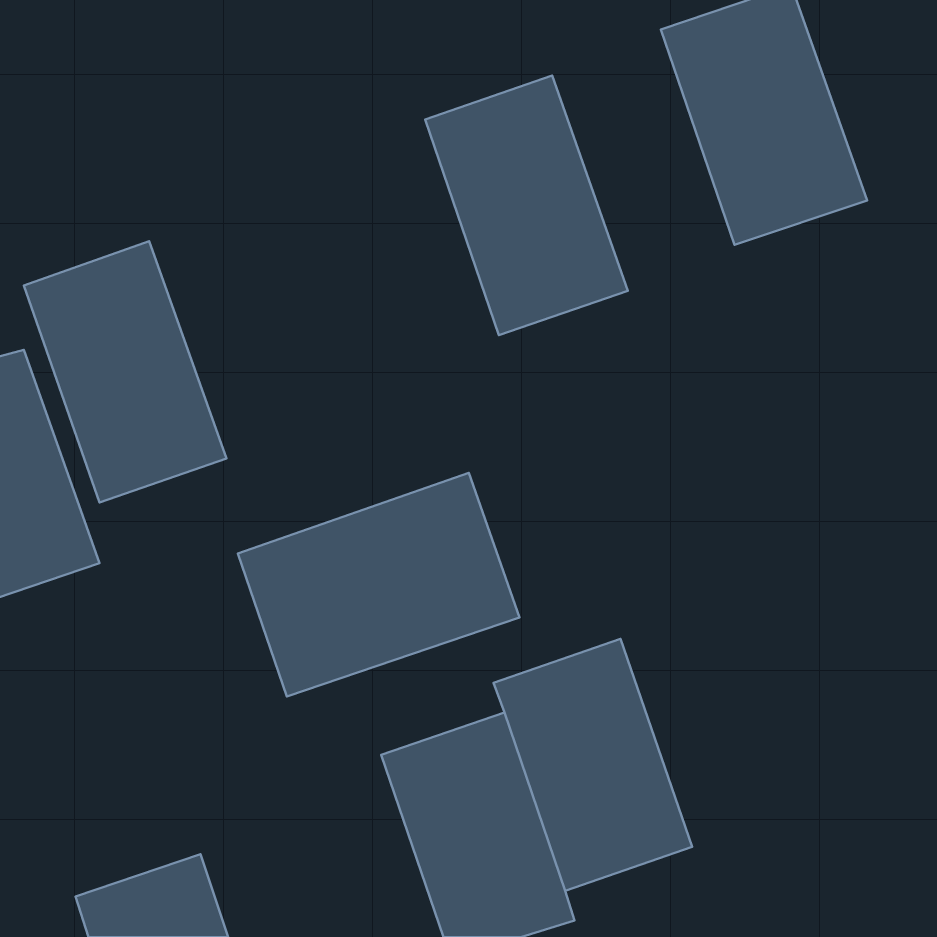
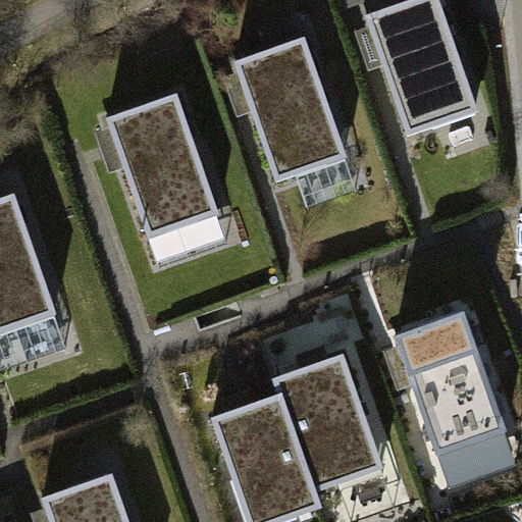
building: [24,241,226,503] -> [106,94,218,239]
building: [238,473,519,697] -> none
building: none -> [394,310,507,456]

